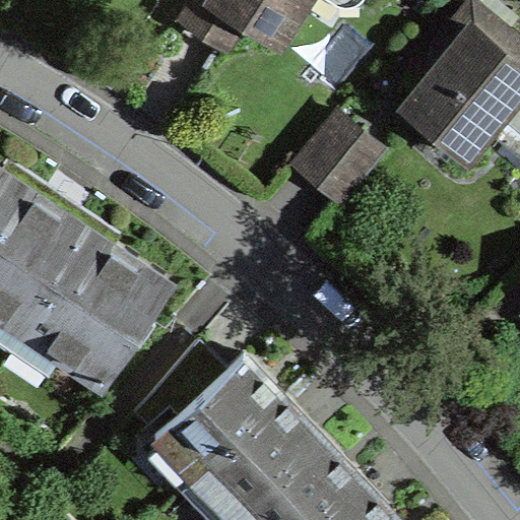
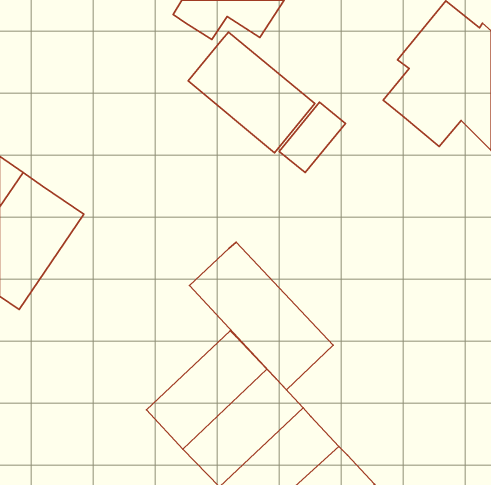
building: none -> [188,32,315,153]
building: [20,234,170,389] -> none
building: none -> [190,242,333,390]

